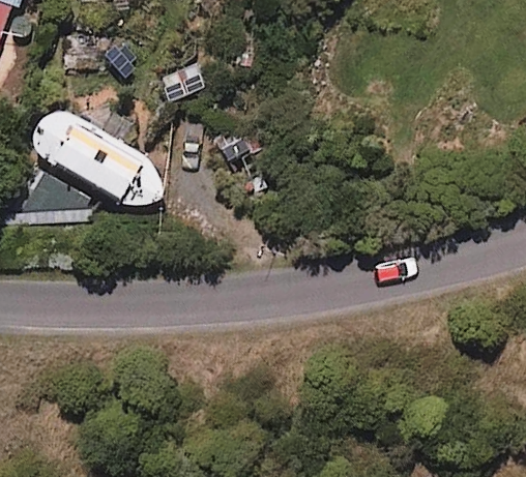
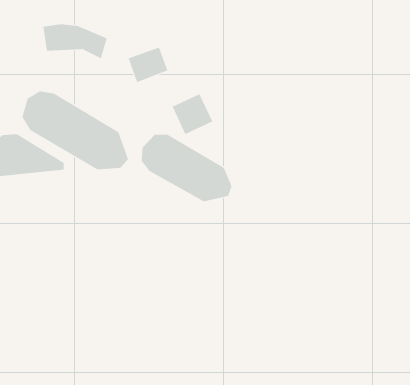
building: none -> [141,134,232,202]

